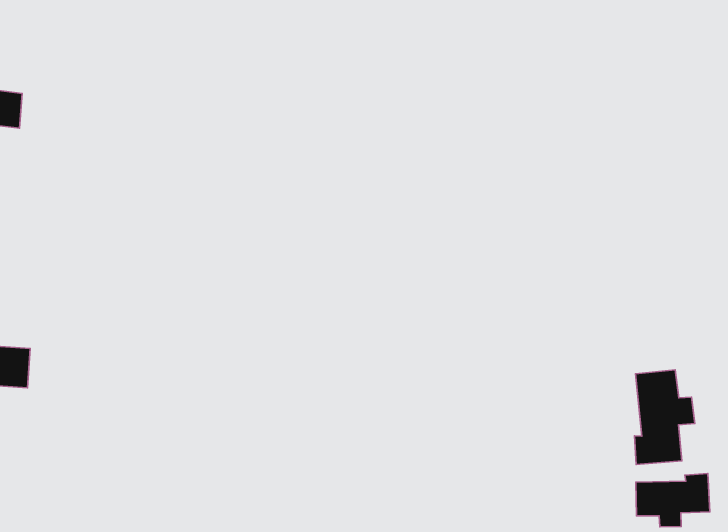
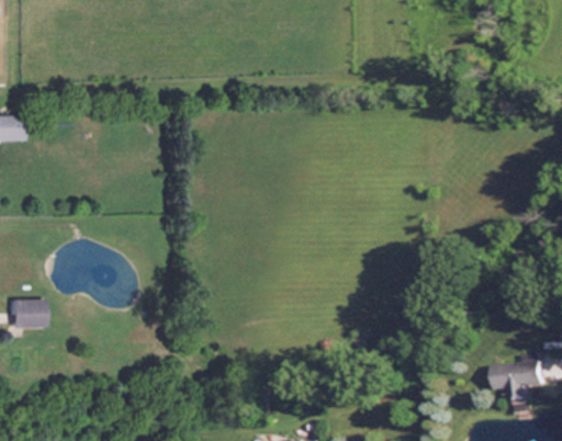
building: [634,370,695,464] -> none

